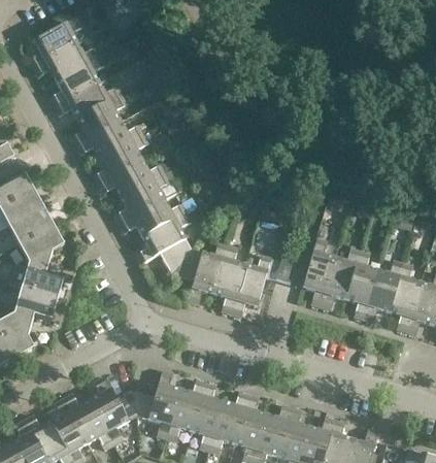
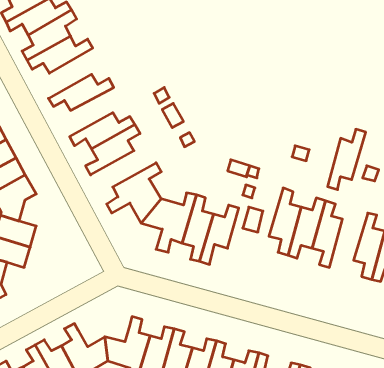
building: [70,95,126,146] -> none
building: [92,135,147,186] -> none
building: [119,200,186,237] -> none
building: [363,261,402,323] -> [328,129,366,190]

